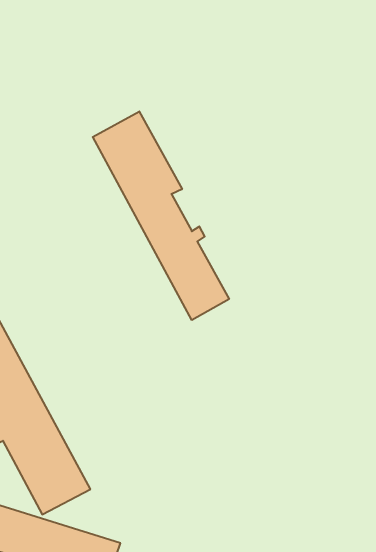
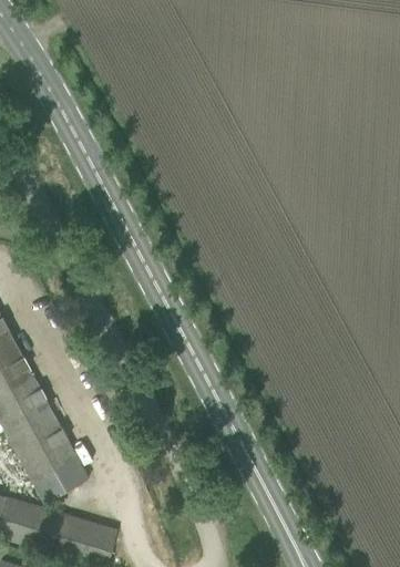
building: [93,111,229,320] -> none

